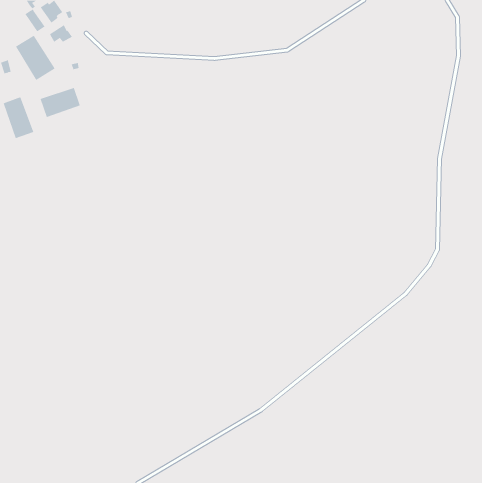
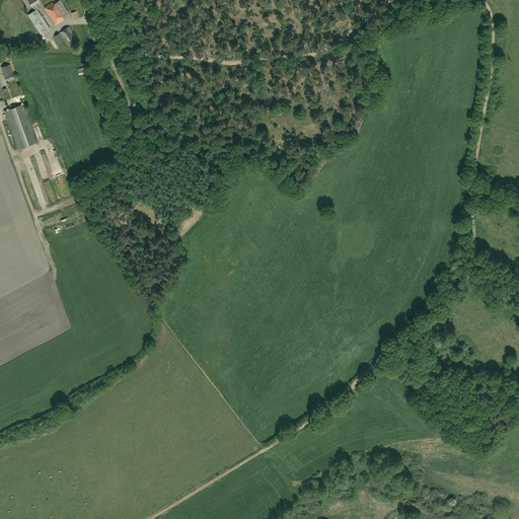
building: [15,35,56,81] -> none
building: [40,87,80,118] -> none

